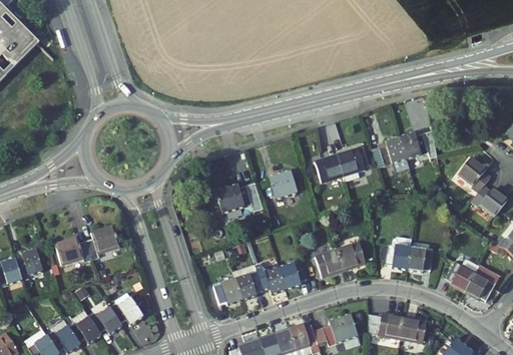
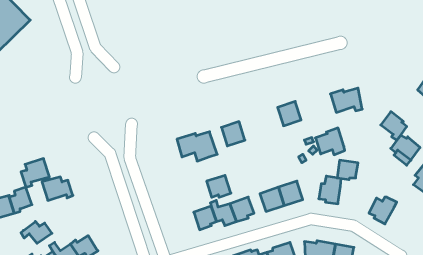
building: [372,136,407,168] -> [315,128,345,155]
building: [315,152,343,182] -> none
building: [85,224,119,258] -> [21,159,49,187]
building: [408,247,433,270] -> [337,160,358,180]
building: [464,266,498,300] -> none
building: [213,278,242,304] -> [207,175,231,197]
building: none -> [21,221,52,243]
building: [109,292,142,323] -> none

